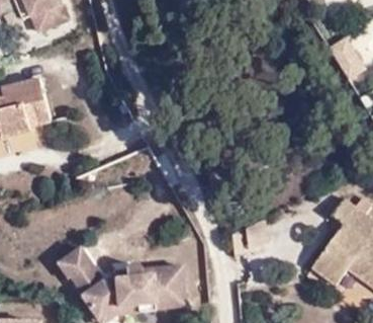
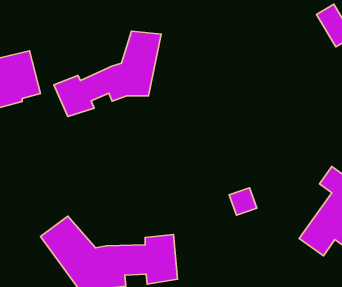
building: none -> [54,31,161,117]

